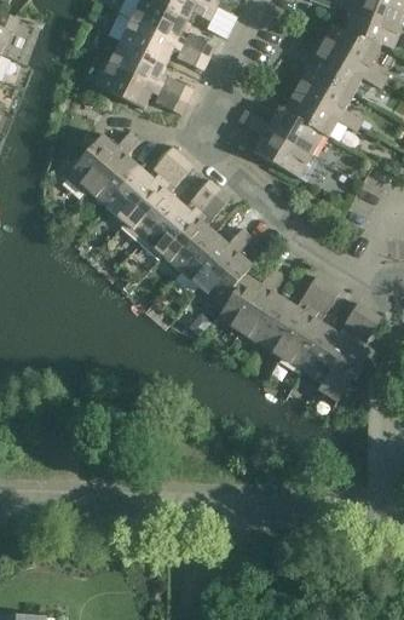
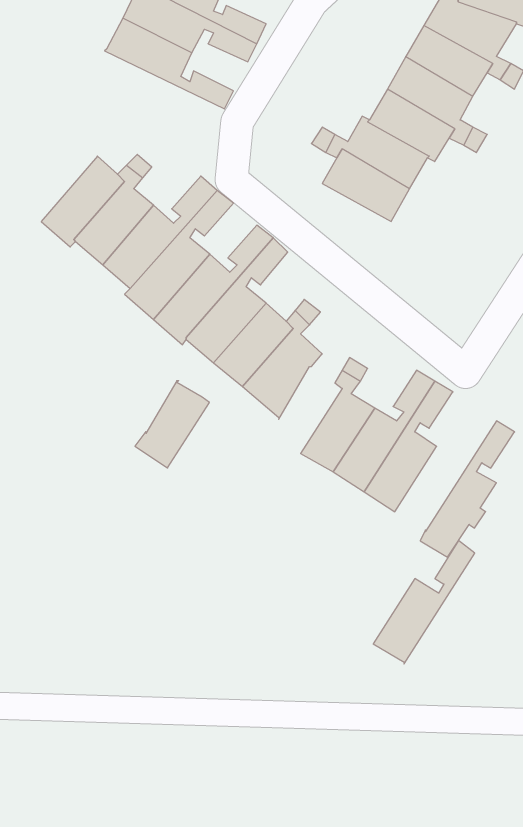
building: [93,59,189,115] -> none
building: [218,274,267,332] -> [135,381,209,468]
building: [302,302,370,384] -> [373,540,475,664]

